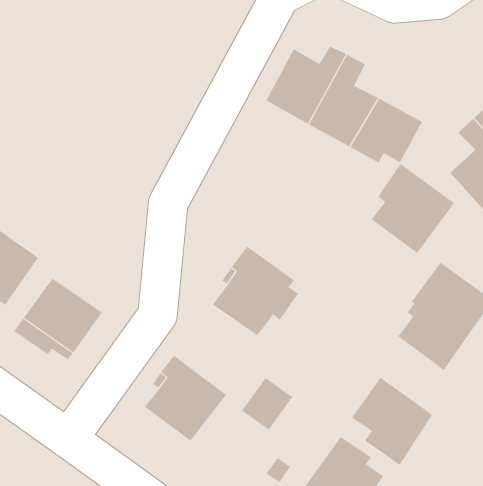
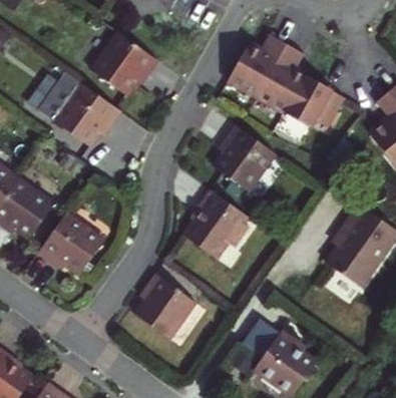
building: none -> [90,32,159,95]
building: none -> [40,75,121,149]
building: [371,163,455,254] -> [214,123,277,191]
building: [351,377,433,466] -> none
building: [241,377,293,430] -> [242,322,281,362]

